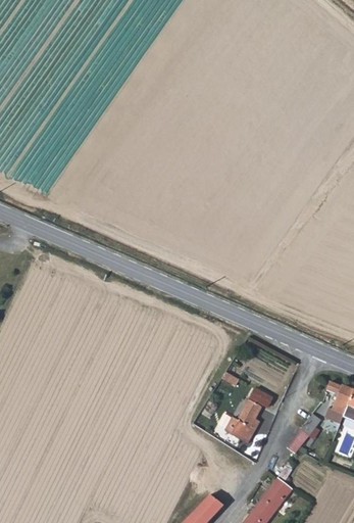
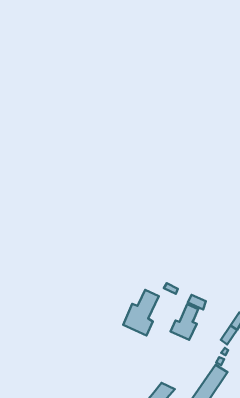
building: none -> [123,290,159,335]

